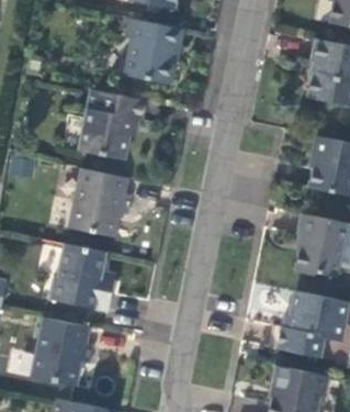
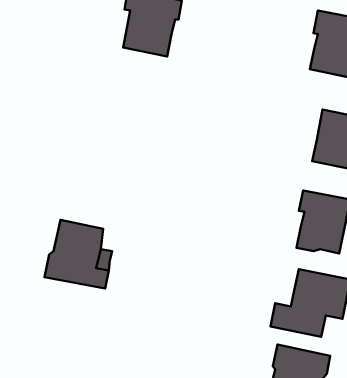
building: [78,89,144,159] -> none
building: [70,169,129,237] -> none
building: [33,319,92,386] -> none

